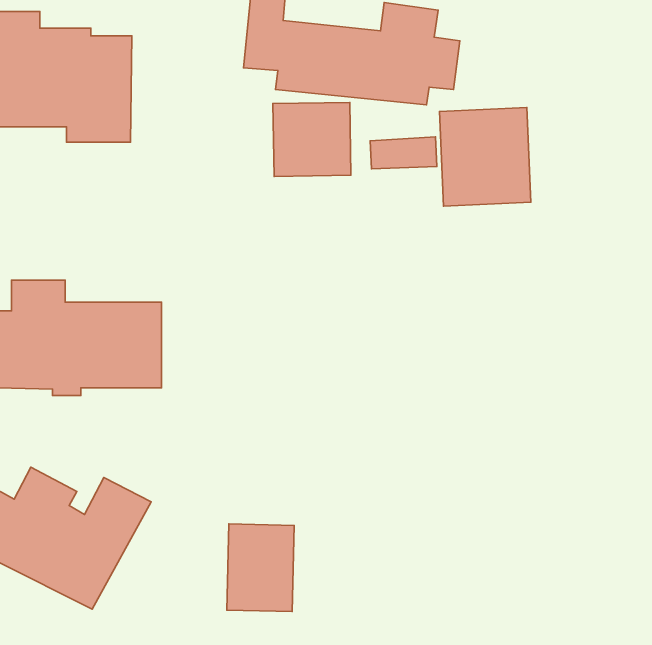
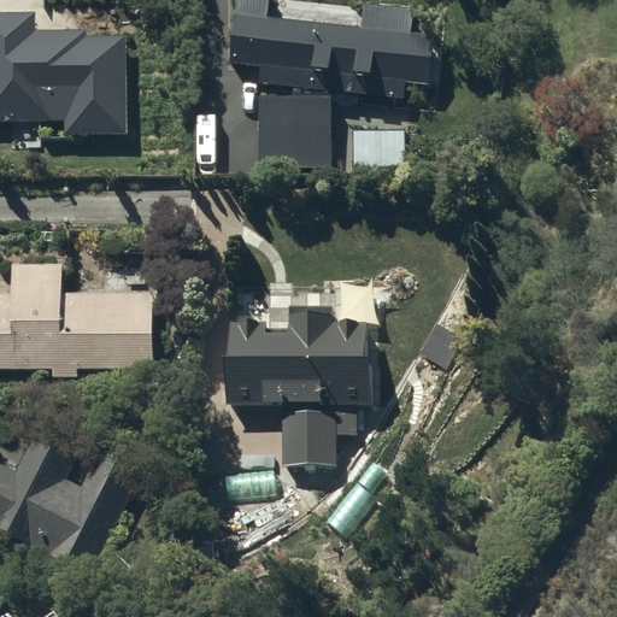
building: [440,108,531,206] -> none
building: none -> [224,308,371,465]
building: [227,524,294,612] -> none

